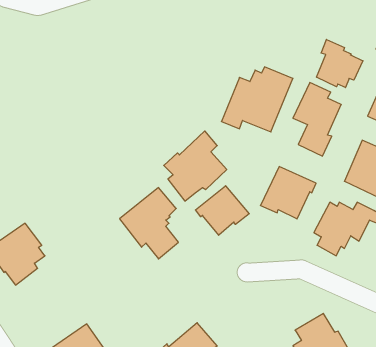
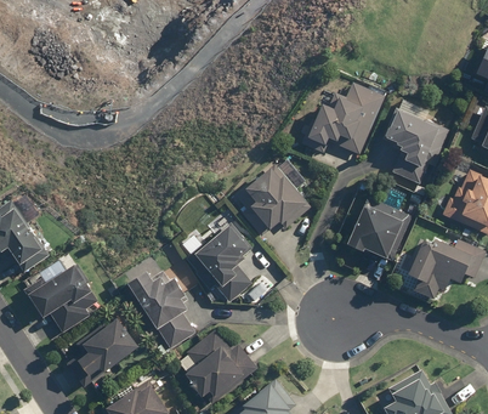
building: [317,39,363,88] -> none
building: [195,186,249,235] -> none
building: none -> [131,271,195,350]
building: none -> [66,319,141,389]
building: none -> [176,328,257,397]

